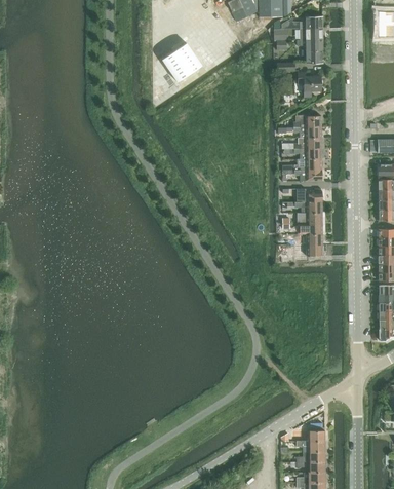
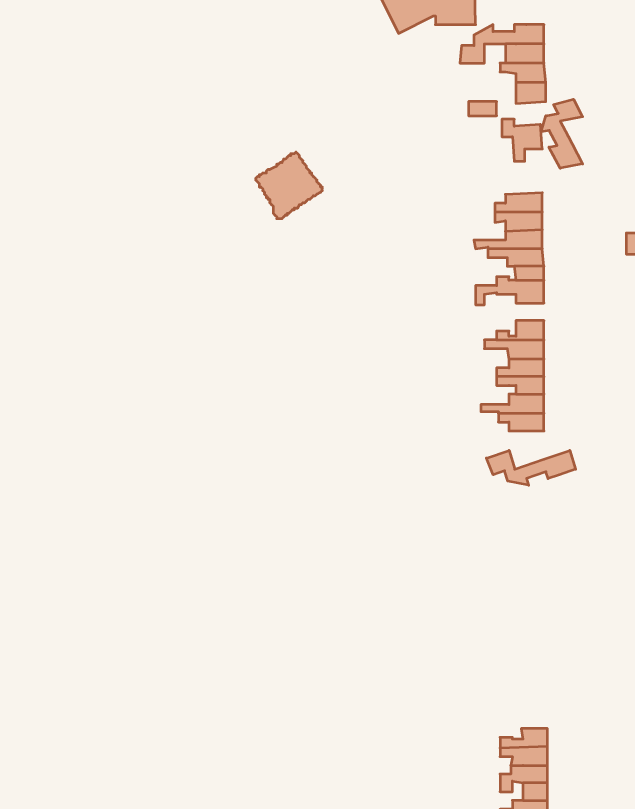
building: [163,42,202,81] -> [256,152,322,219]
building: none -> [541,99,583,168]
building: none -> [486,450,576,485]

